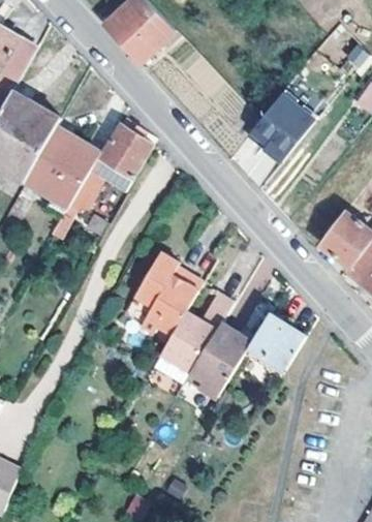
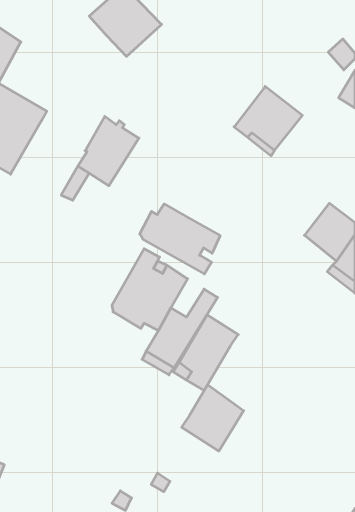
building: [26,126,102,206] -> none
building: none -> [140,204,220,274]
building: [245,310,307,376] -> [182,385,244,451]

